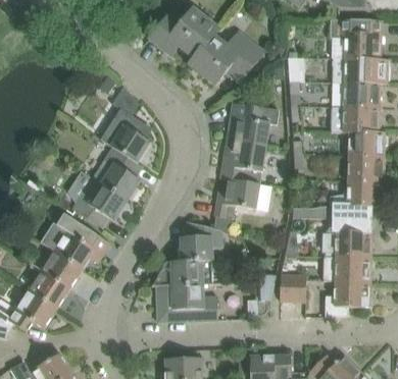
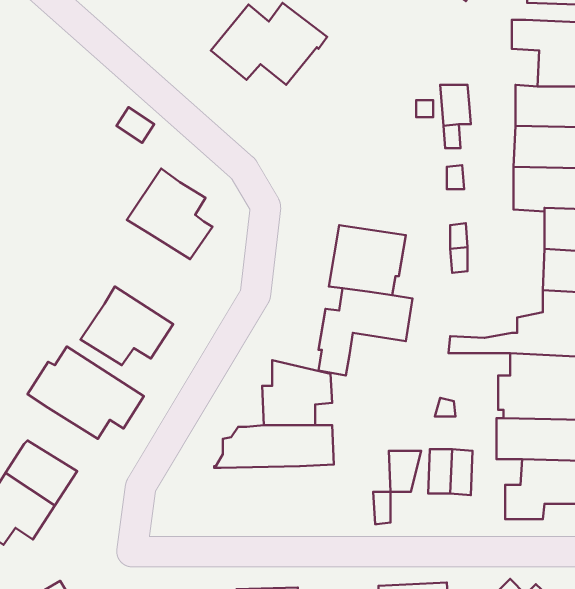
building: [190,32,263,84] -> none
building: [227,102,279,147] -> none
building: [93,145,141,200] -> none
building: [41,250,83,287] -> none
building: [156,284,218,320] -> none

